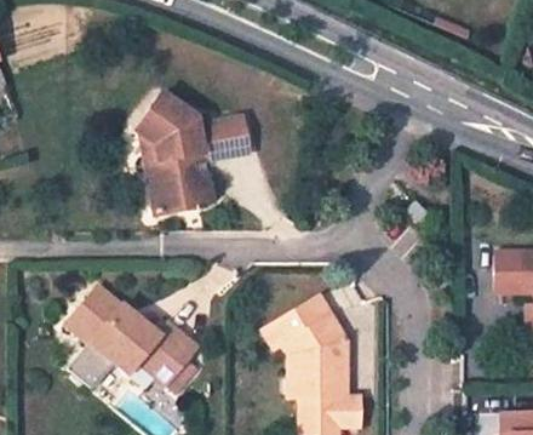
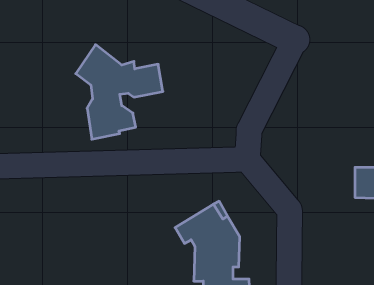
building: [63,287,196,393] -> none

